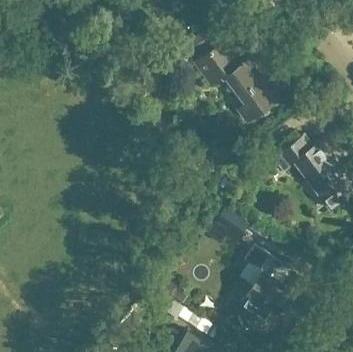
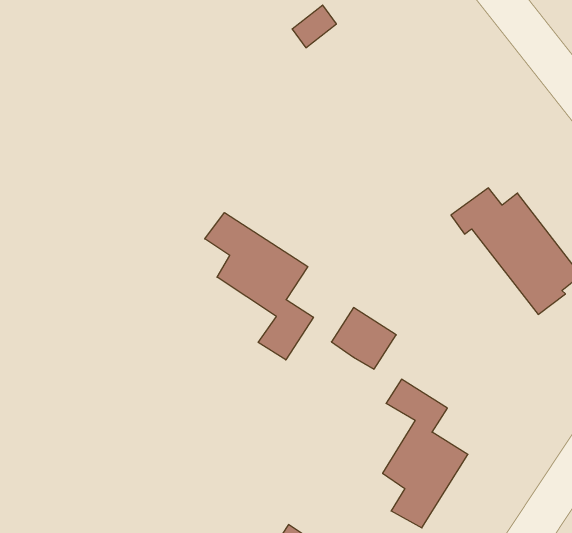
building: [193,45,278,119] -> none
building: none -> [205,213,313,360]

